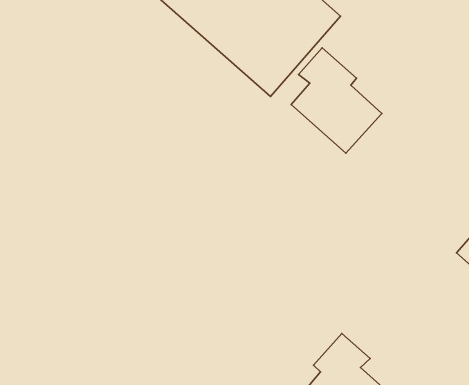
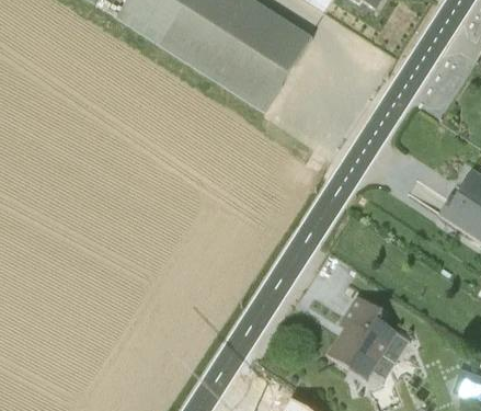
building: [291,48,382,153] -> none

